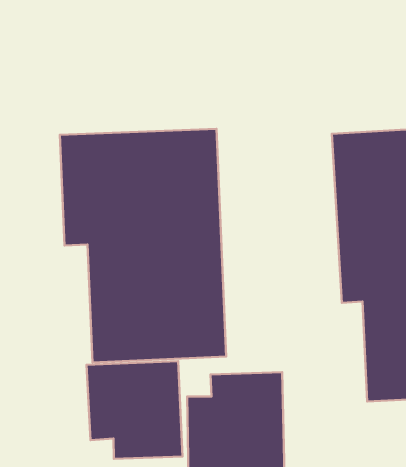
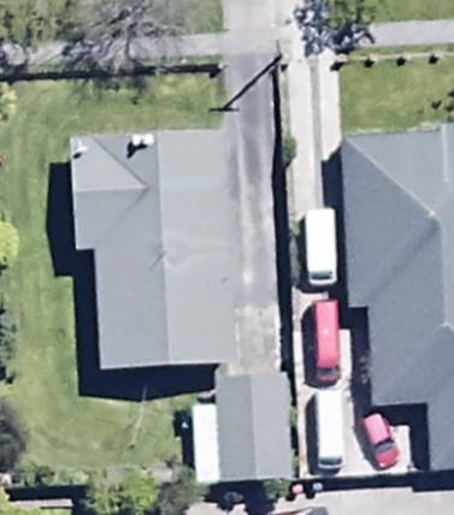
building: [86,361,182,459] -> none

